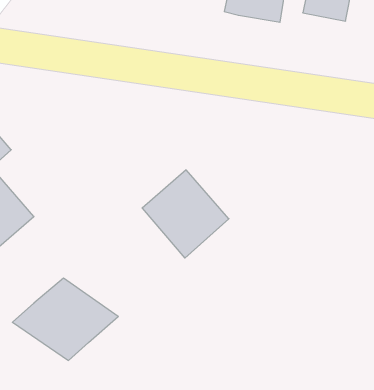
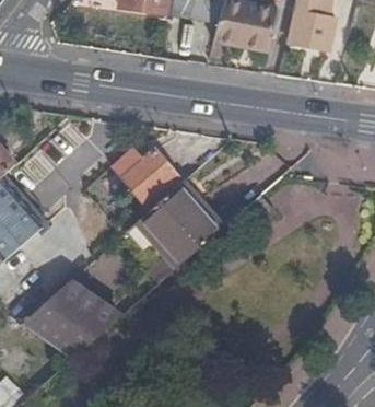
building: none -> [122,149,177,203]

